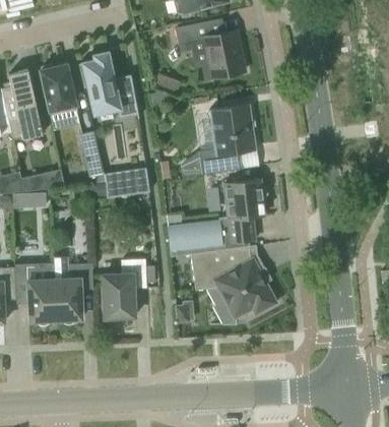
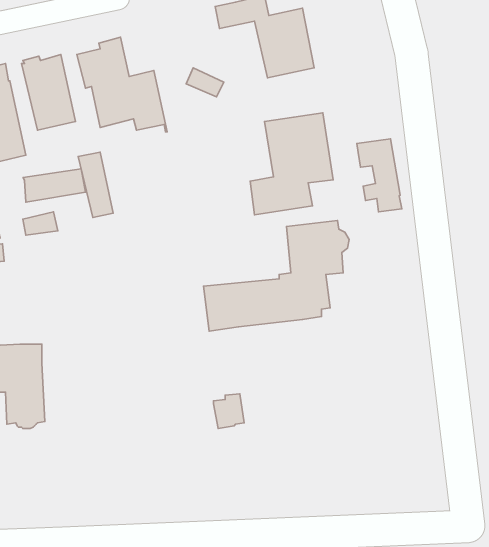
building: none -> [357,139,402,212]
building: [106,174,149,197] -> [23,169,86,202]
building: [191,245,276,319] -> none
building: [103,259,146,317] -> none
building: [54,263,93,323] -> none

